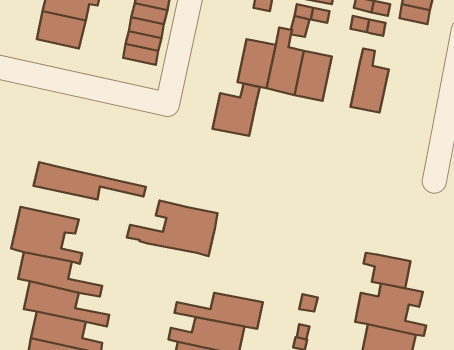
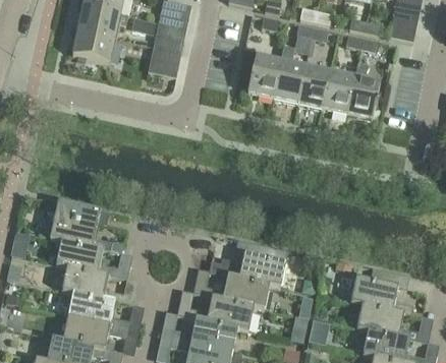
building: none -> [322,69,354,113]
building: [212,83,260,136] -> none
building: [34,162,146,199] -> none
building: [127,200,218,256] -> [209,238,288,287]
building: [364,253,411,288] -> none

